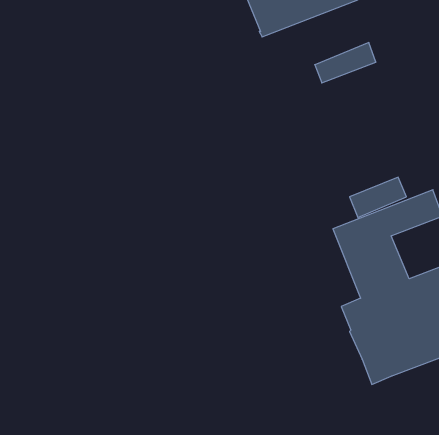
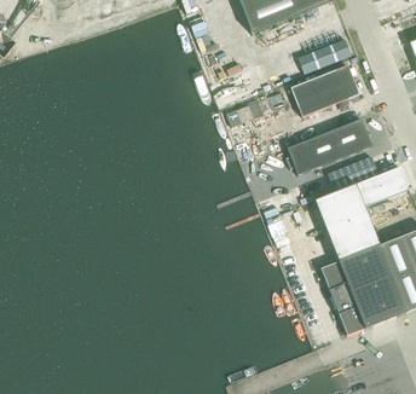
building: none -> [291,64,360,116]
building: none -> [287,117,372,174]

